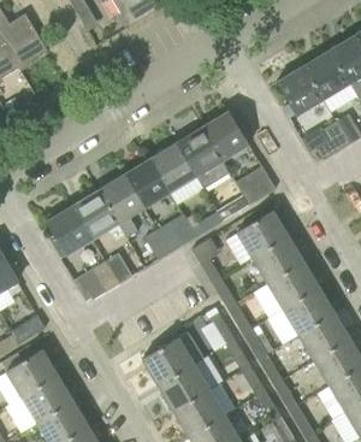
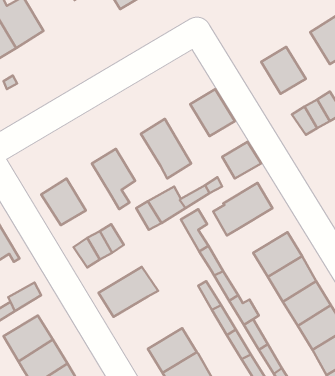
building: [303,52,349,101] -> none
building: [176,128,230,190] -> none
building: [124,159,171,208] -> none
building: [72,190,119,240] -> none
building: [253,237,304,284] -> none
building: [142,332,205,385] -> [98,267,158,317]

